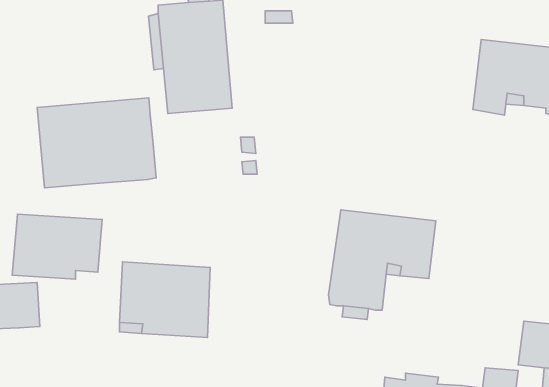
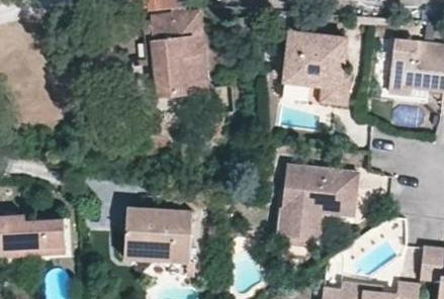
building: none -> [284,32,348,105]
building: [37,98,156,188] -> none
building: [12,214,102,279] -> none

